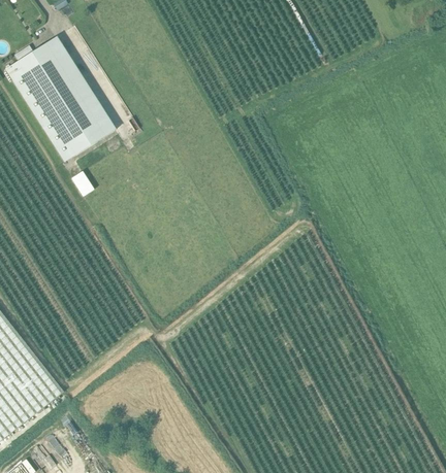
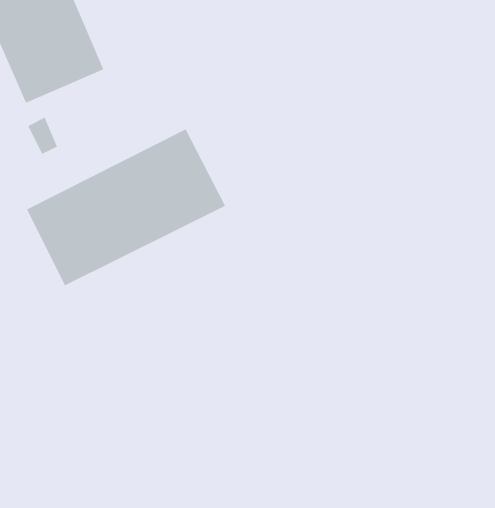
building: none -> [26,129,226,286]

